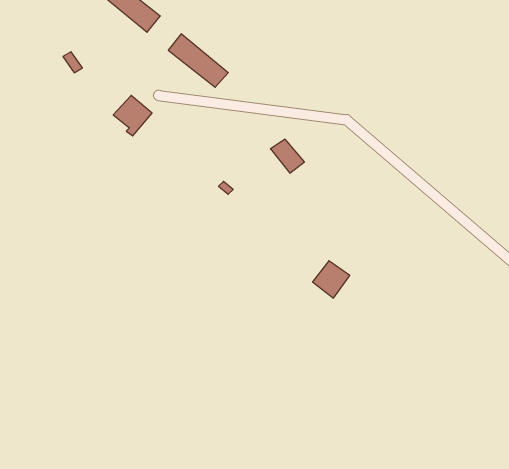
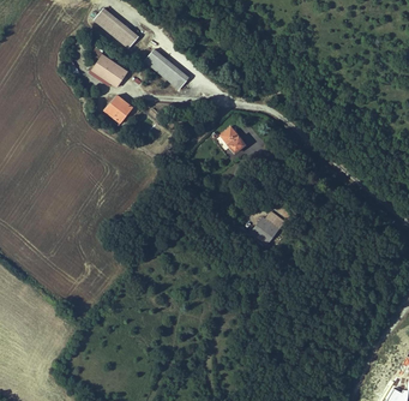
building: none -> [91,54,127,88]

